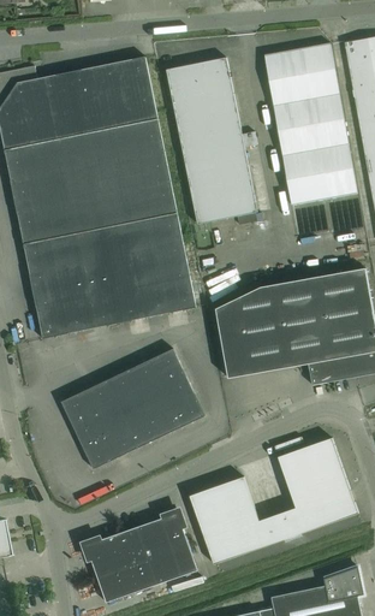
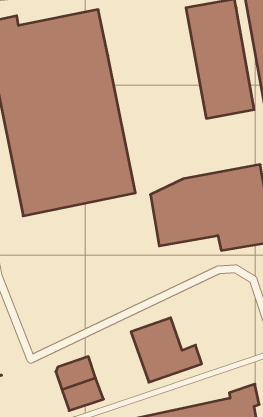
building: [165,58,256,224] -> none
building: [60,348,204,468] -> none
building: [276,437,357,538] -> none
building: [131,511,197,586] -> none

